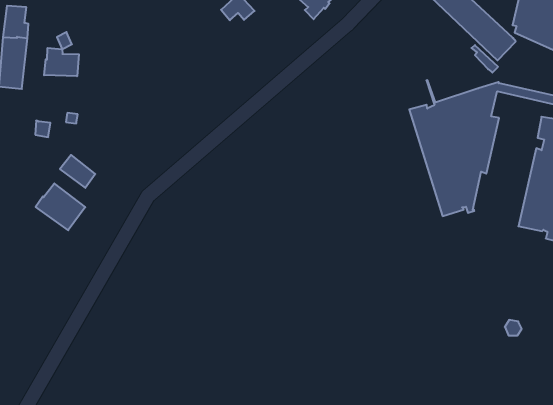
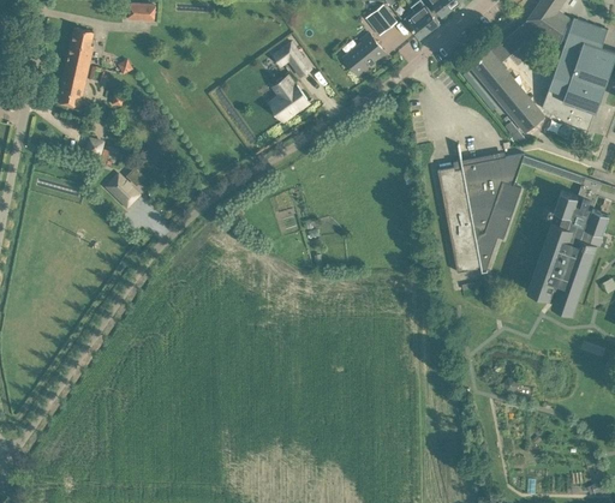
building: none -> [271,76,312,124]
building: [44,48,79,76] -> none
building: [36,183,85,230] -> none

